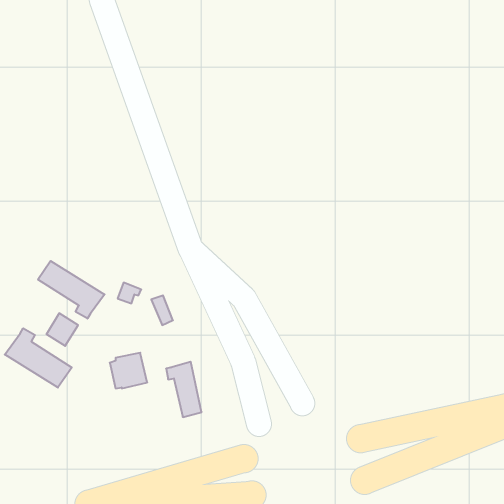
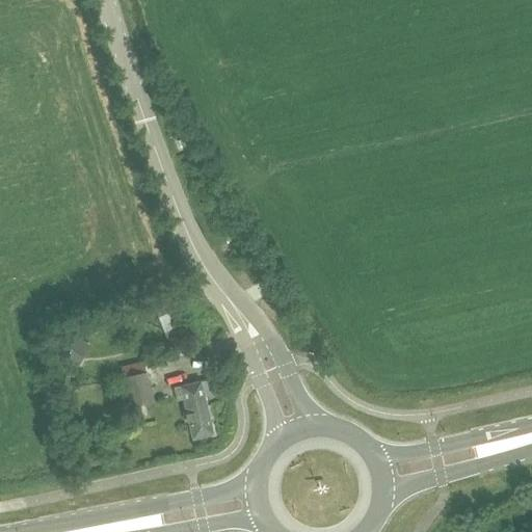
building: [38,261,105,319] -> none
building: [5,328,72,388] -> none

